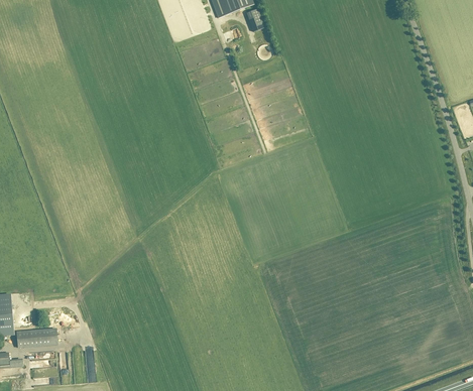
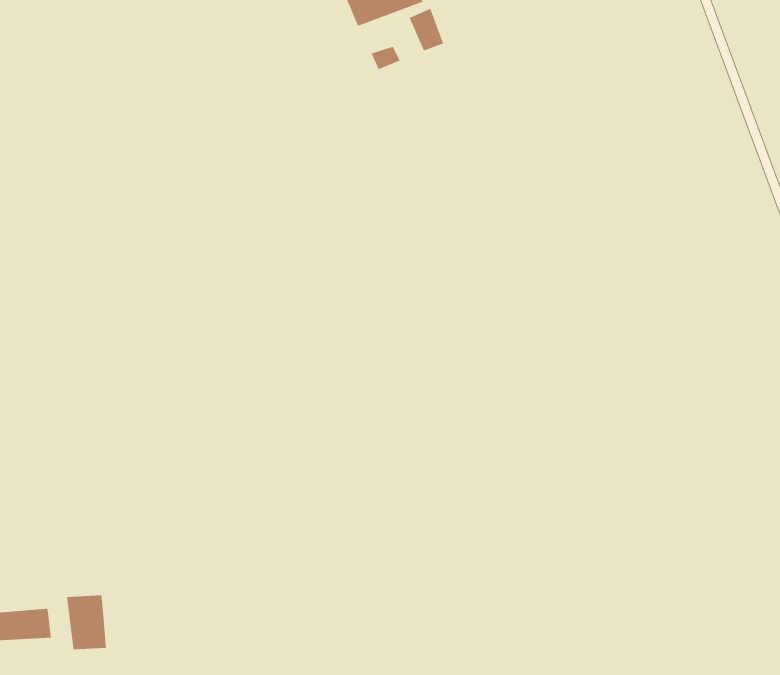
building: none -> [66,594,107,650]

